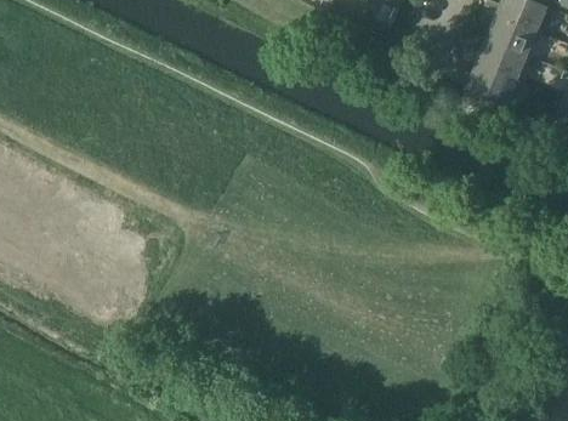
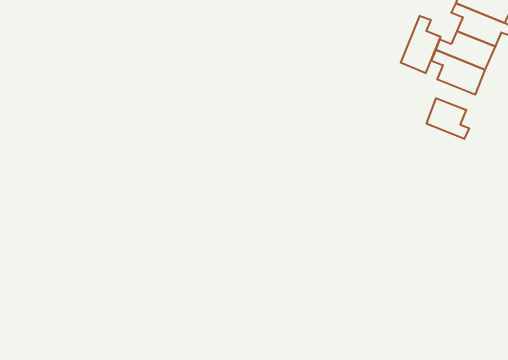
building: none -> [401,16,441,73]
building: none -> [427,98,469,139]

